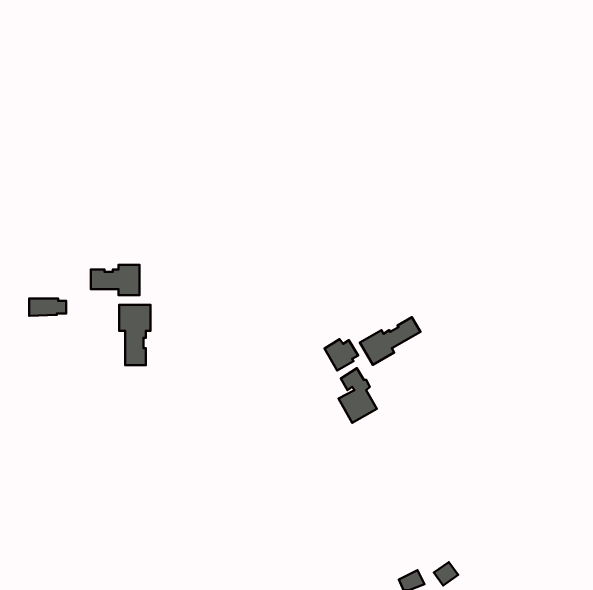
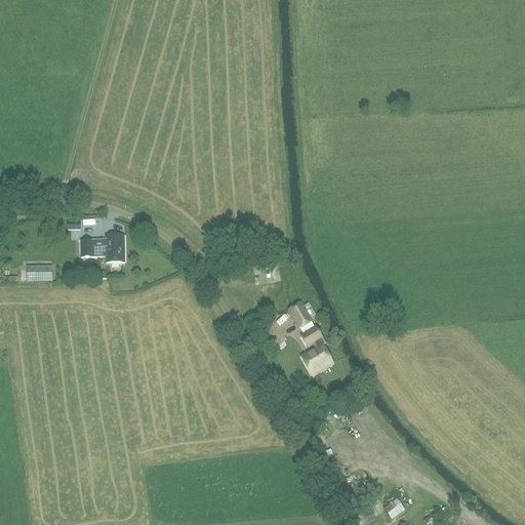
building: [119,305,151,365] -> none
building: [360,317,420,365] -> none

